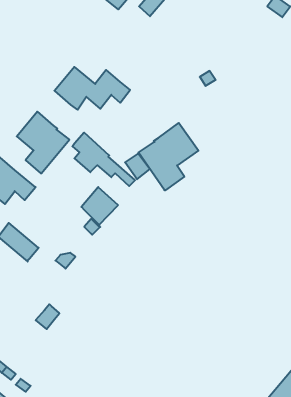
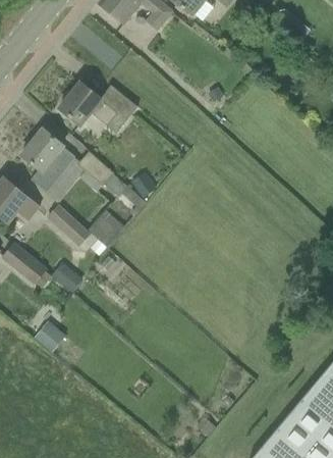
building: [138,123,198,190] -> none
building: none -> [47,204,90,245]

